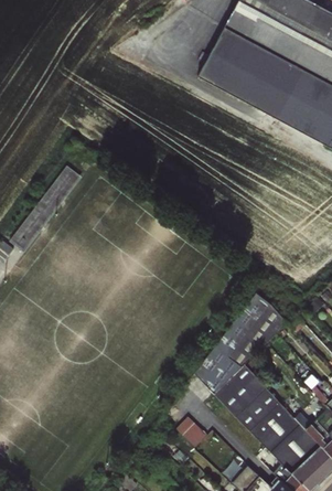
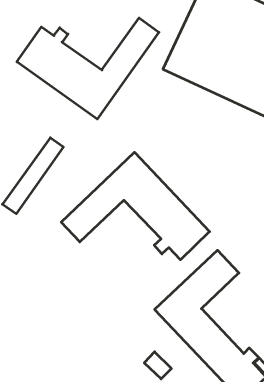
building: none -> [17,18,159,119]
building: none -> [61,152,210,260]

